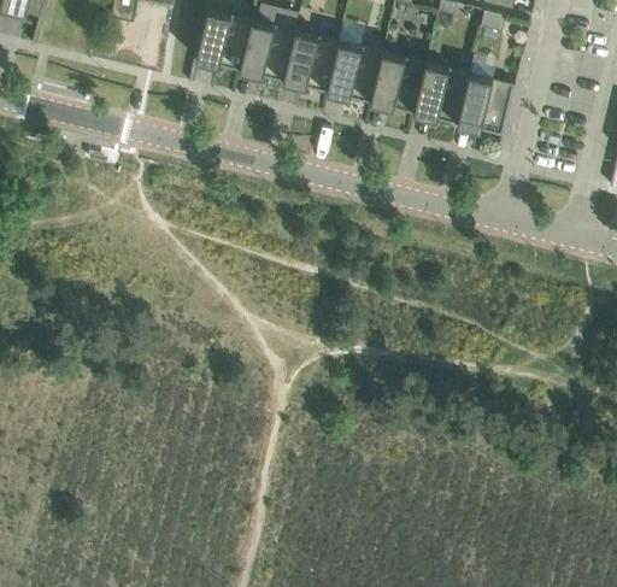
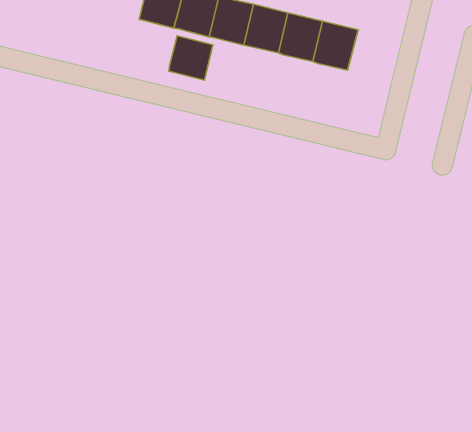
building: [453,72,511,134] -> none
building: none -> [169,36,213,80]

